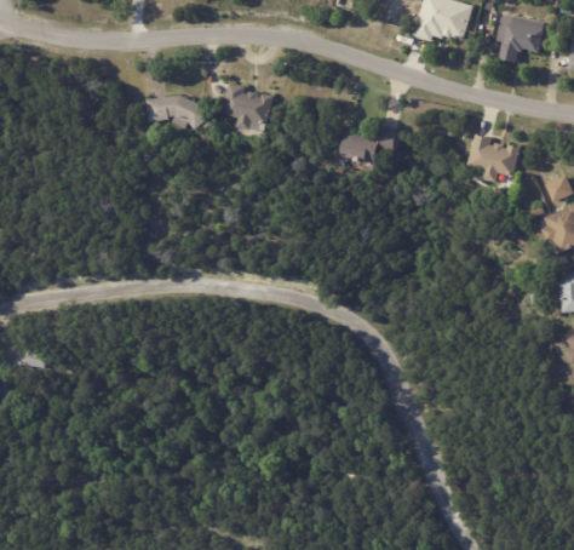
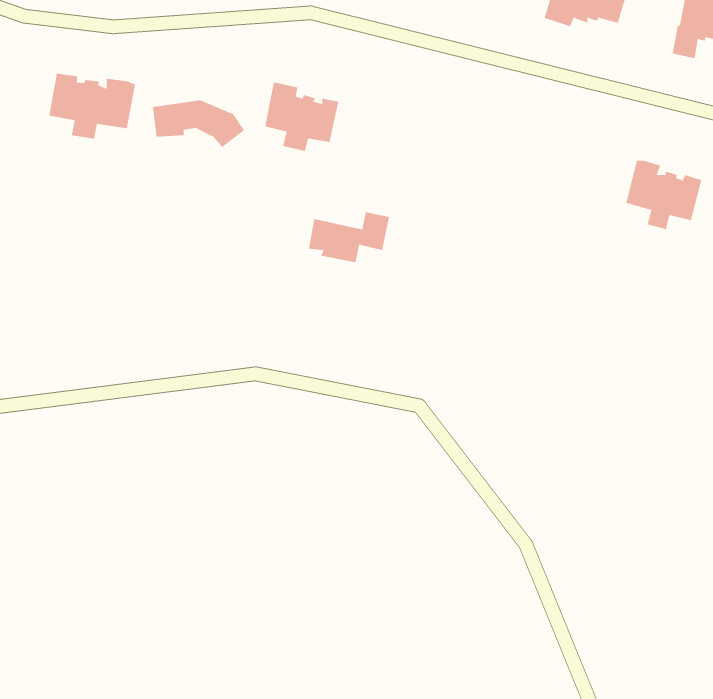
building: none -> [49,73,135,140]
building: [341,125,397,160] -> [308,211,390,263]

